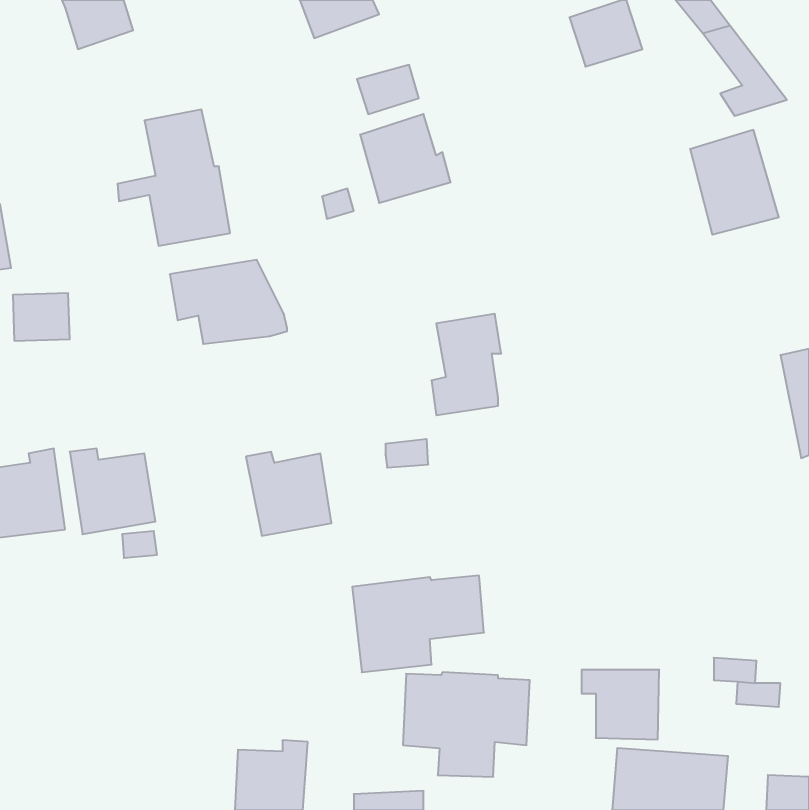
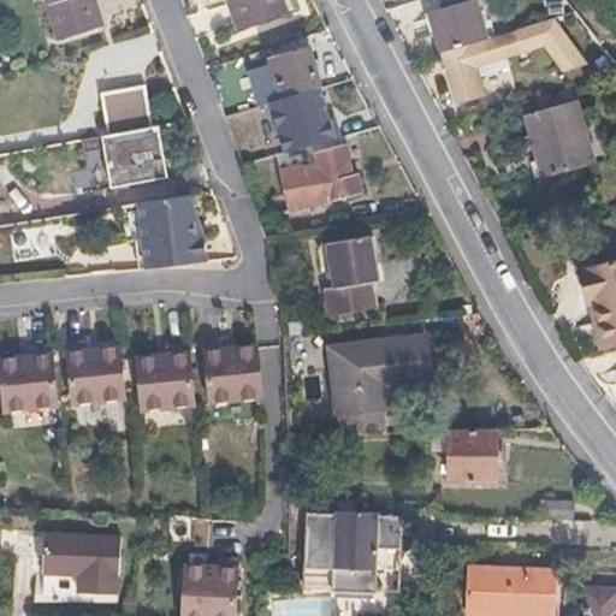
building: none -> [444,31,520,101]
building: none -> [279,147,362,213]
building: none -> [124,342,188,411]
building: [352,576,484,672] -> [333,340,433,414]
building: [582,670,659,739] -> [437,431,496,484]
building: none -> [47,538,124,596]

